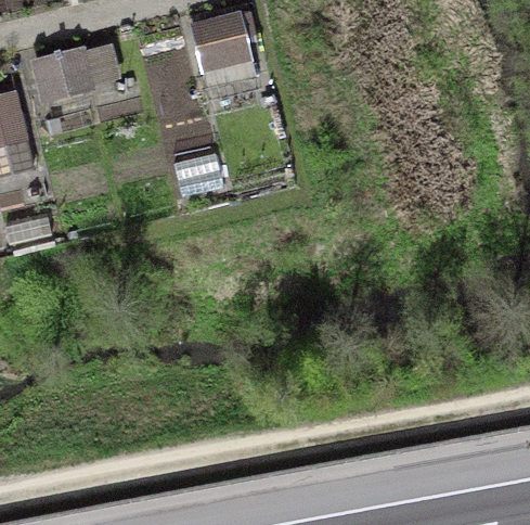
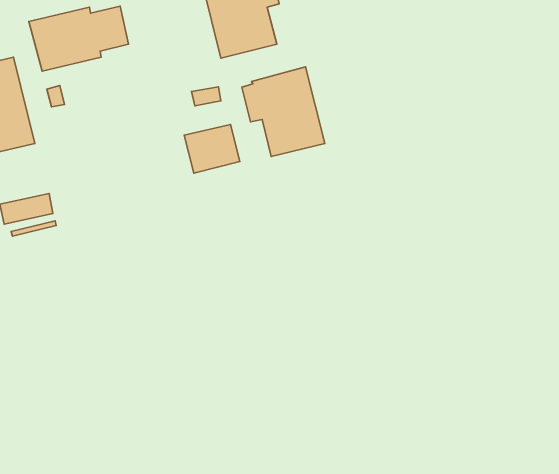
building: none -> [242,67,325,157]

